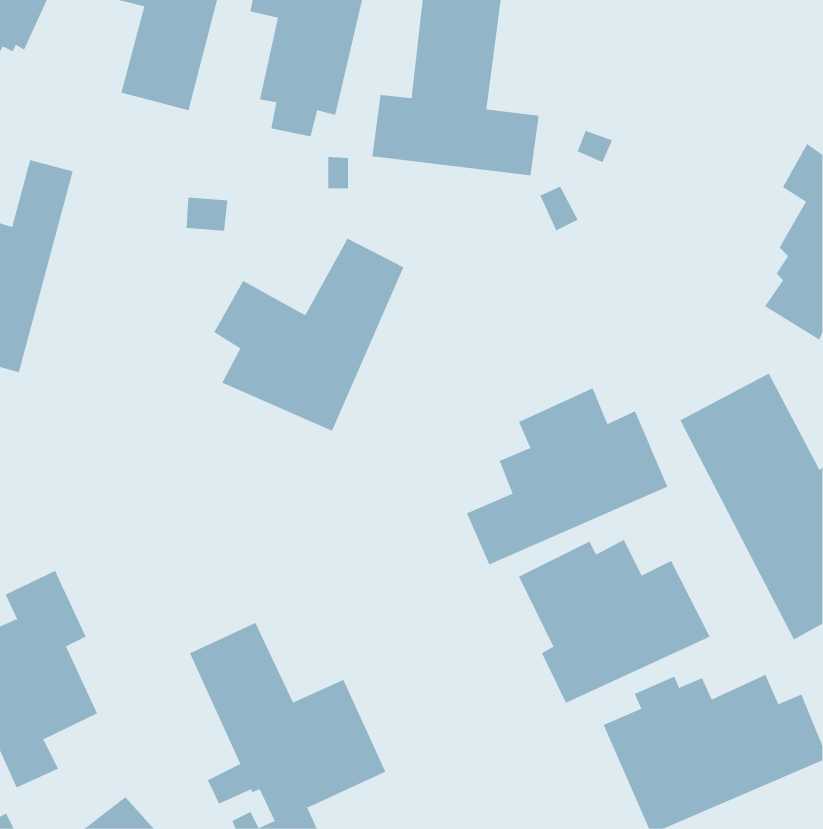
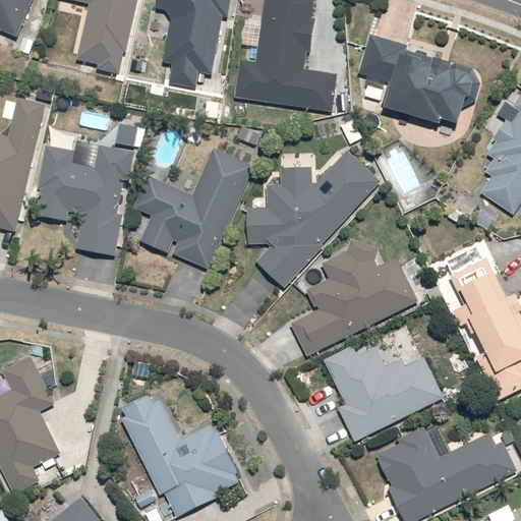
building: none -> [356,35,478,132]
building: none -> [37,124,133,255]
building: none -> [247,151,380,287]

